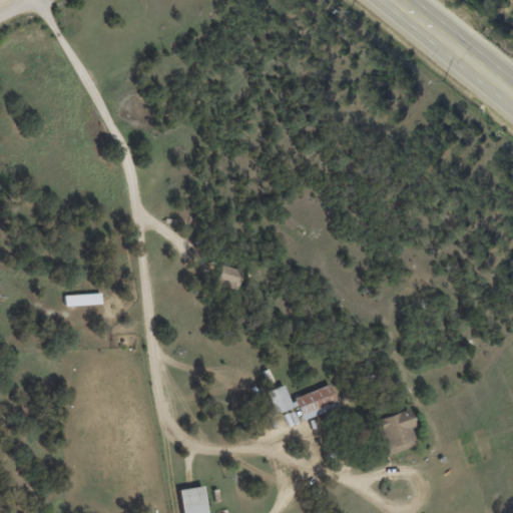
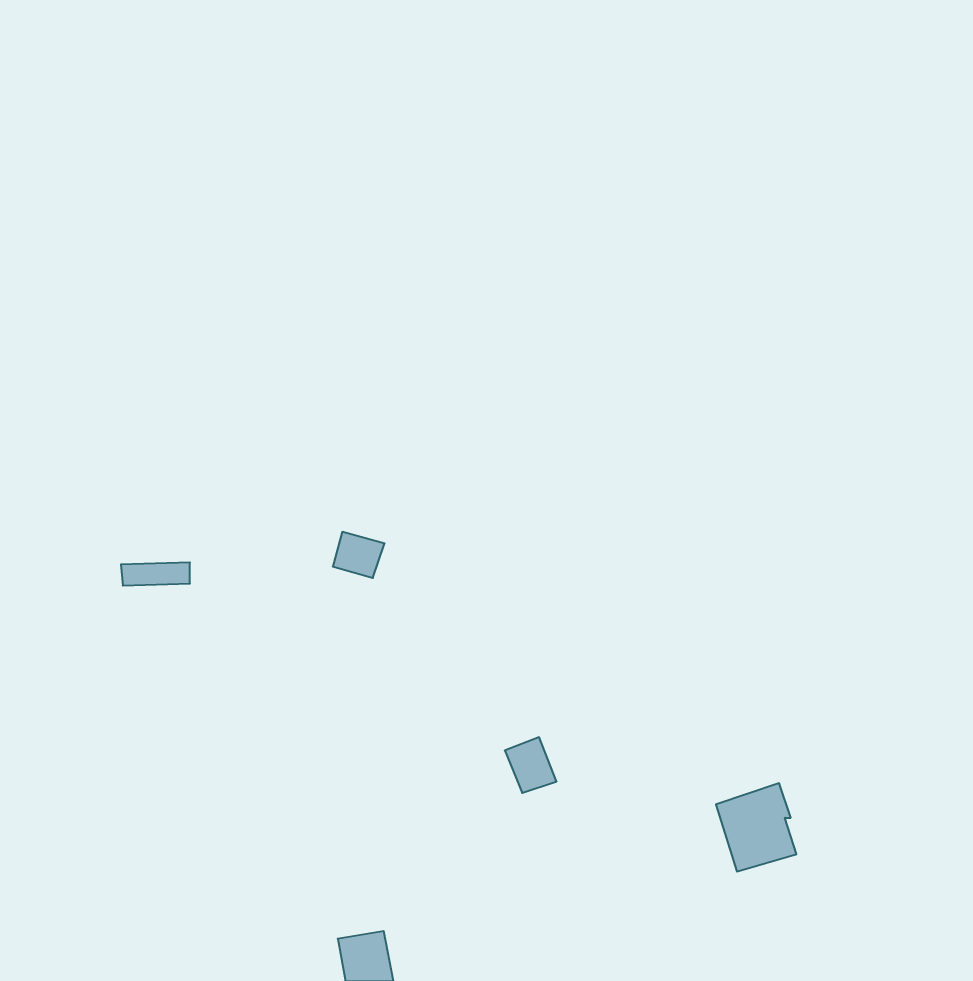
building: [218,265,245,289] -> [333,532,385,578]
building: [295,384,341,420] -> none

